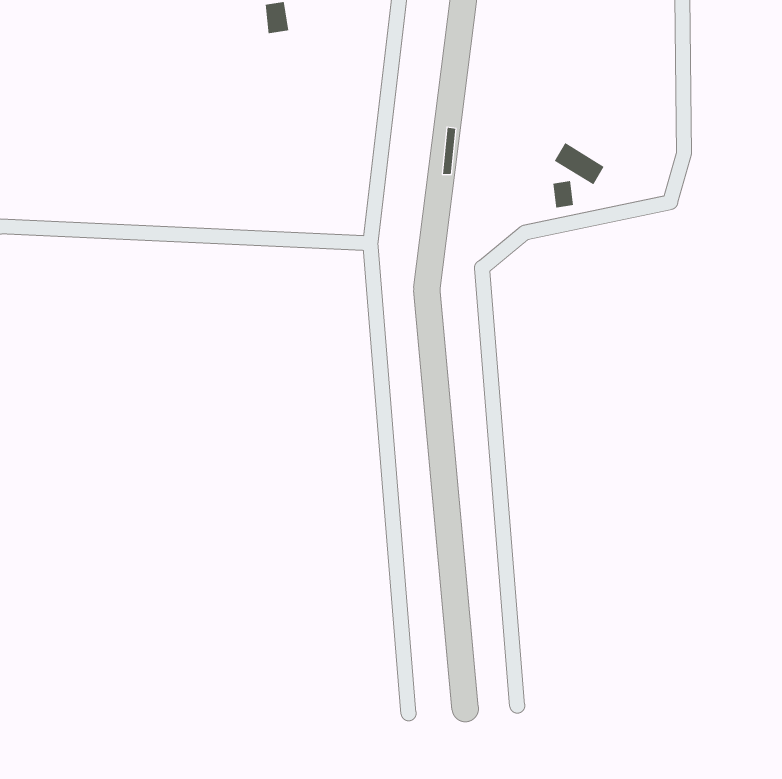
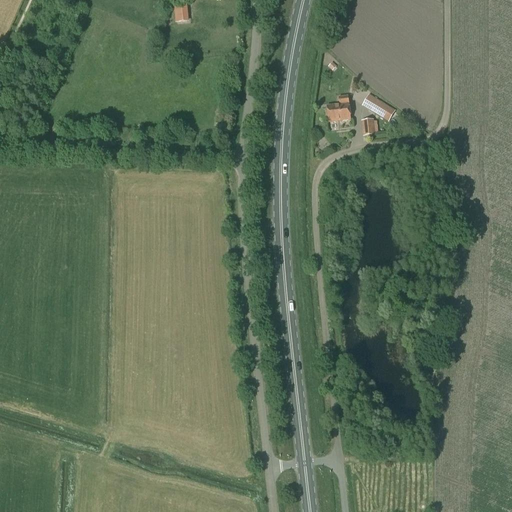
building: none -> [326,96,350,121]

